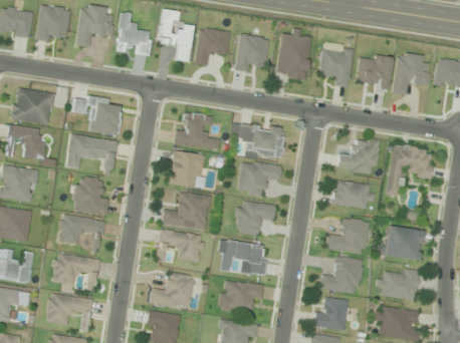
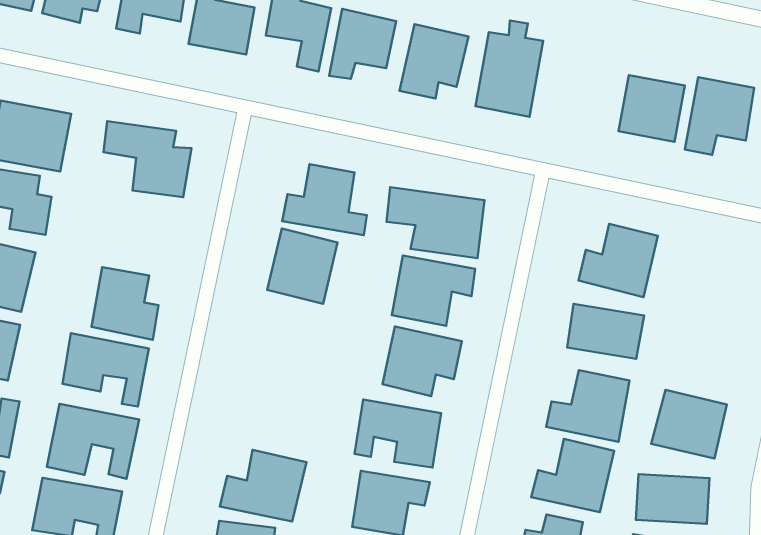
building: [319,46,353,87] -> none
building: [66,134,118,175] -> none
building: [387,143,433,196] -> none
building: [162,192,211,230] -> none
building: [156,230,204,264] -> none

